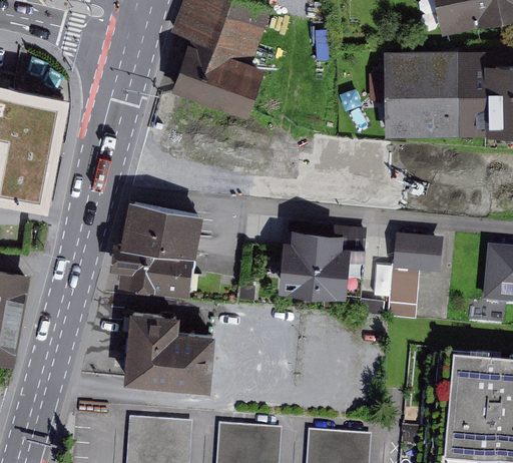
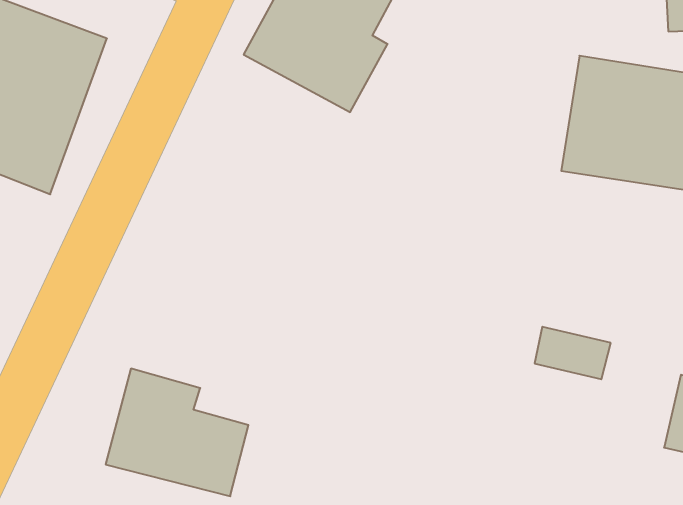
building: [112,201,200,289] -> none
building: [281,230,364,297] -> none
building: [373,264,419,316] -> none

